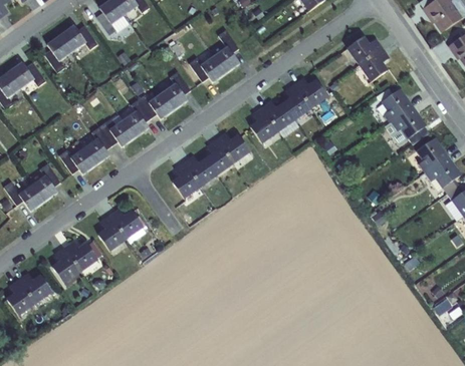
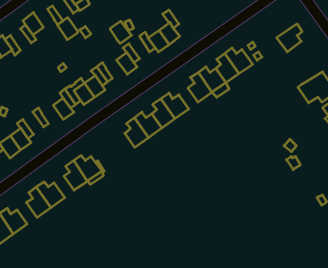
building: [60,25,85,52] -> [57,18,78,40]
building: [346,36,383,65] -> none
building: [380,86,414,121] -> none
building: [149,92,175,119] -> [110,21,132,43]
building: [70,147,96,174] -> none

